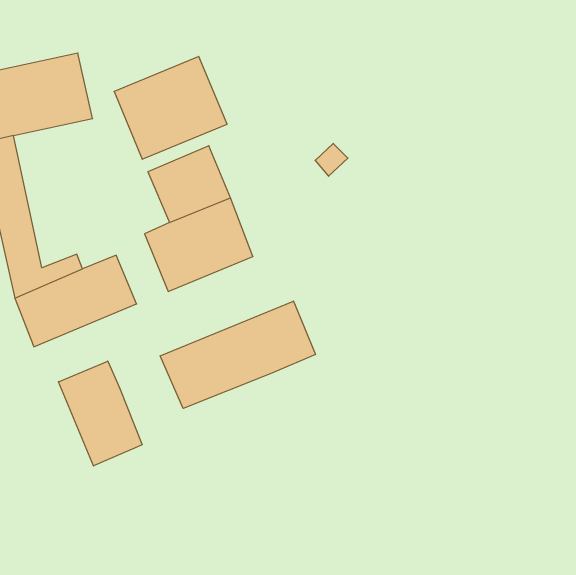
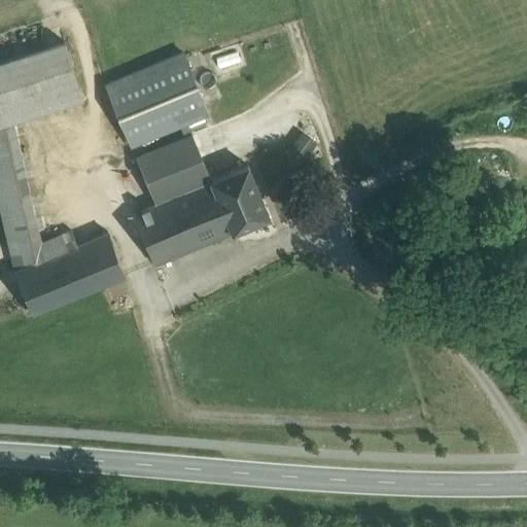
building: none -> [210,167,269,236]
building: [160,301,315,408] -> none
building: [58,361,142,466] -> none

